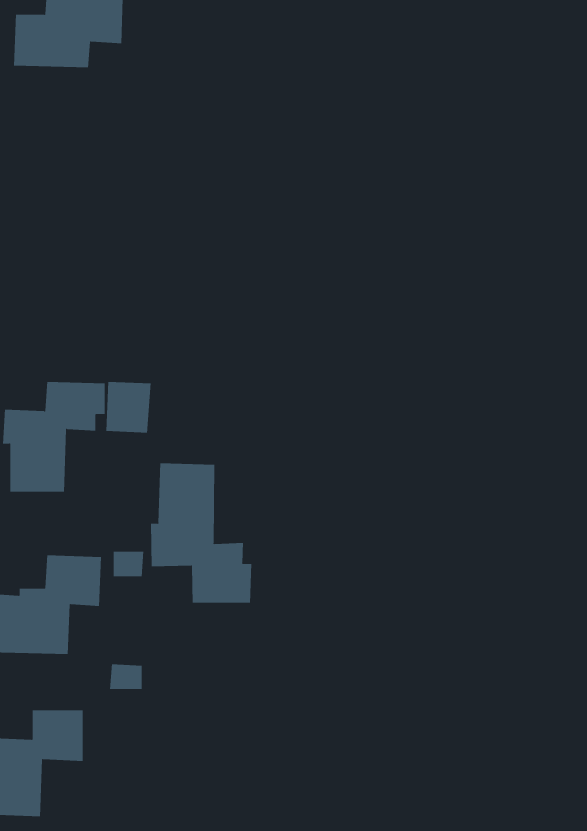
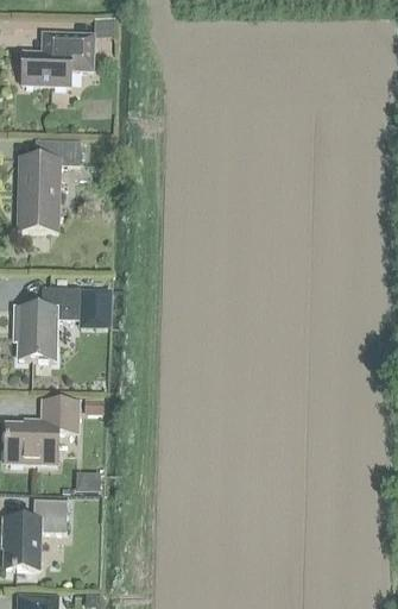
building: none -> [18,138,81,231]
building: [151,462,252,604] -> none

